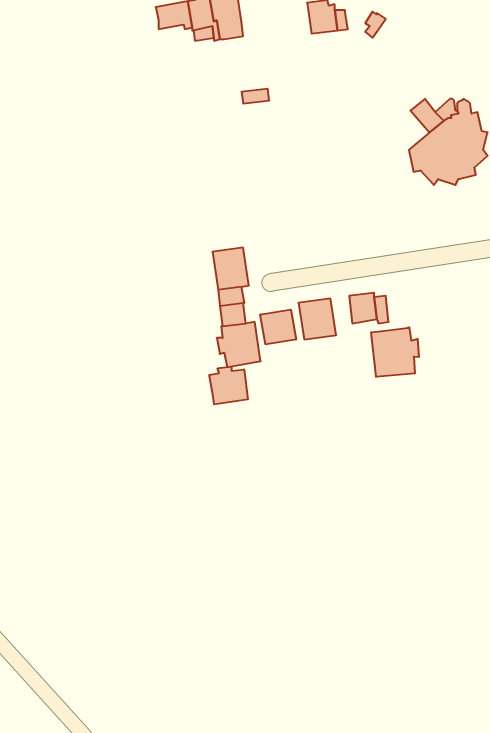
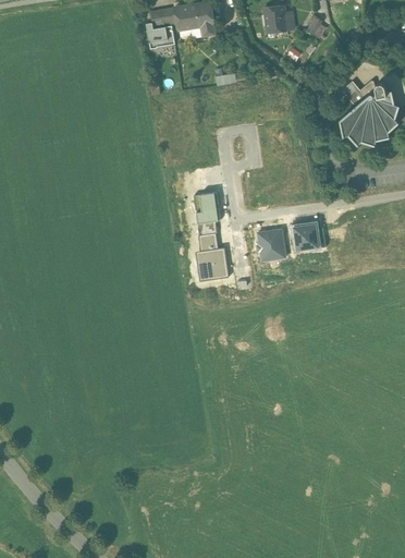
building: none -> [146,22,174,49]
building: [260,310,296,344] -> none
building: [371,327,419,377] -> none
building: [209,367,248,404] -> none

